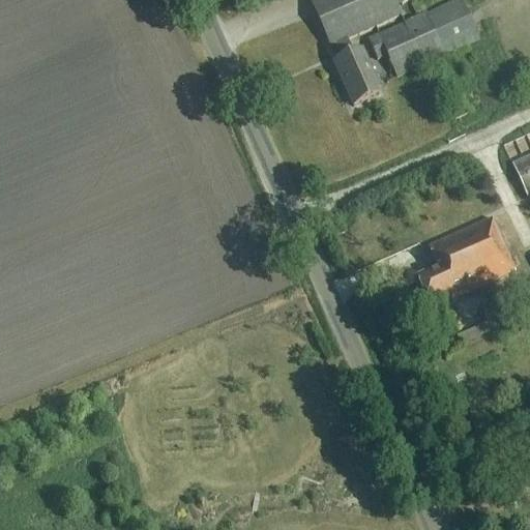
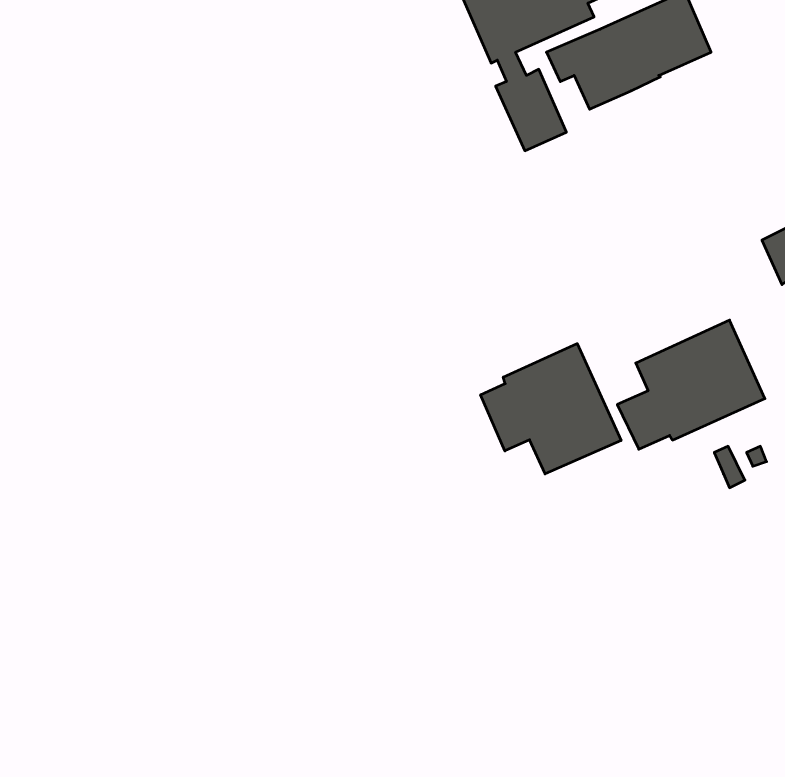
building: none -> [481,344,621,474]

